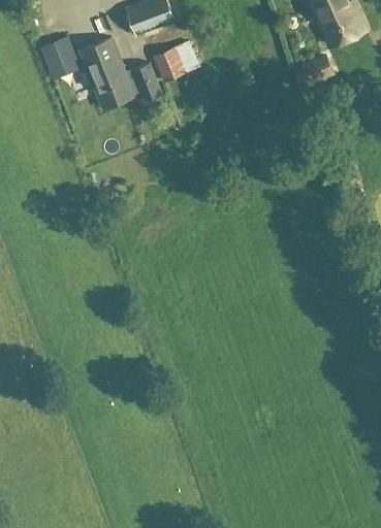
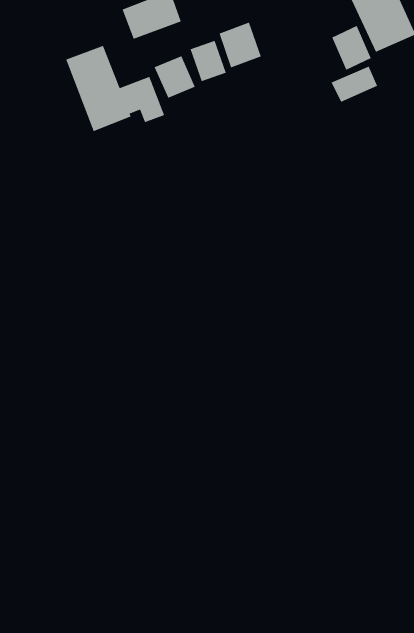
building: none -> [218,21,262,69]
building: none -> [331,25,372,71]
building: [40,35,80,77] -> none

